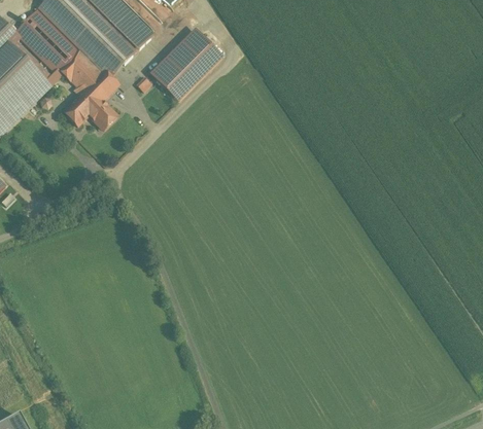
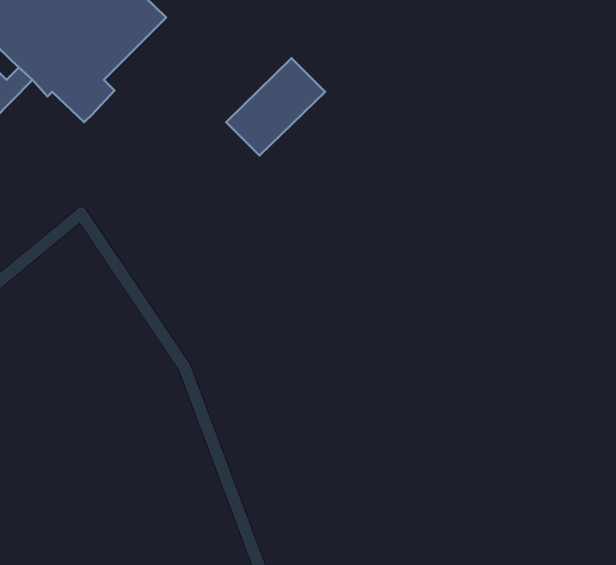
building: [158,34,225,100] -> [226,58,325,155]
building: [63,83,116,128] -> none

